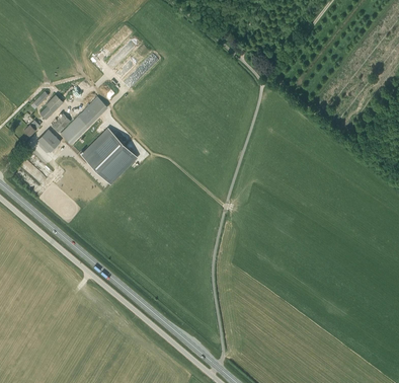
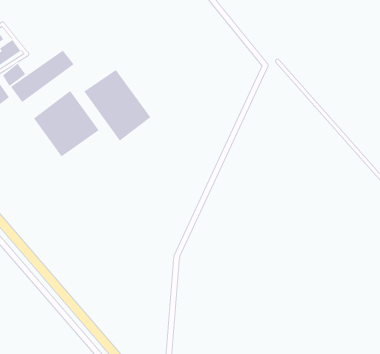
building: none -> [83,69,151,141]

